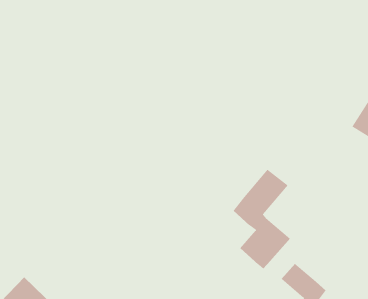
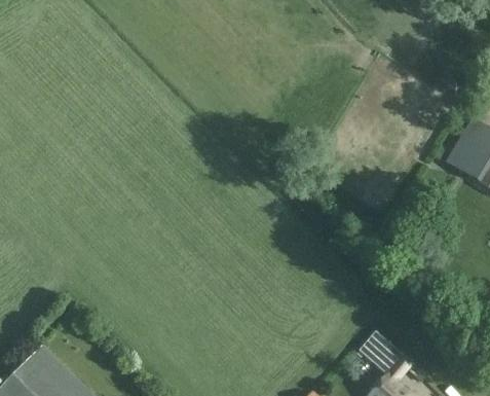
building: [233,169,291,270] -> none

